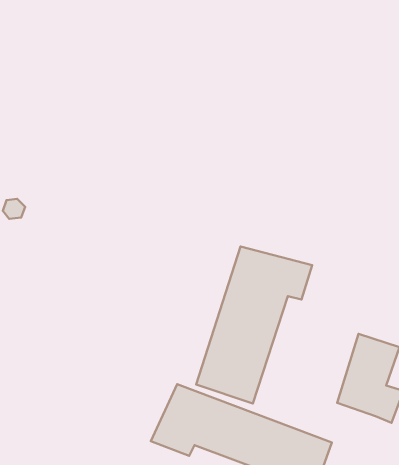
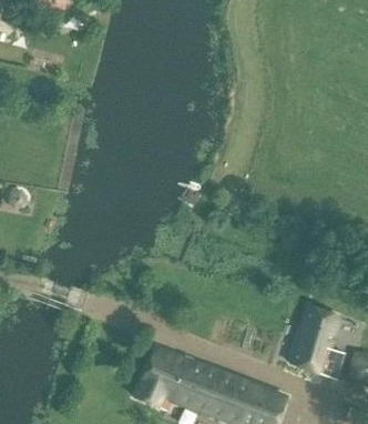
building: [196,246,312,403] -> none

